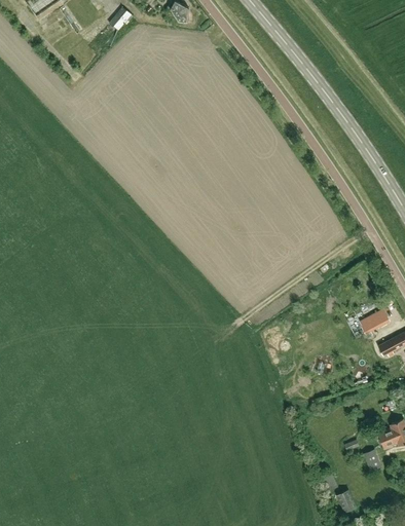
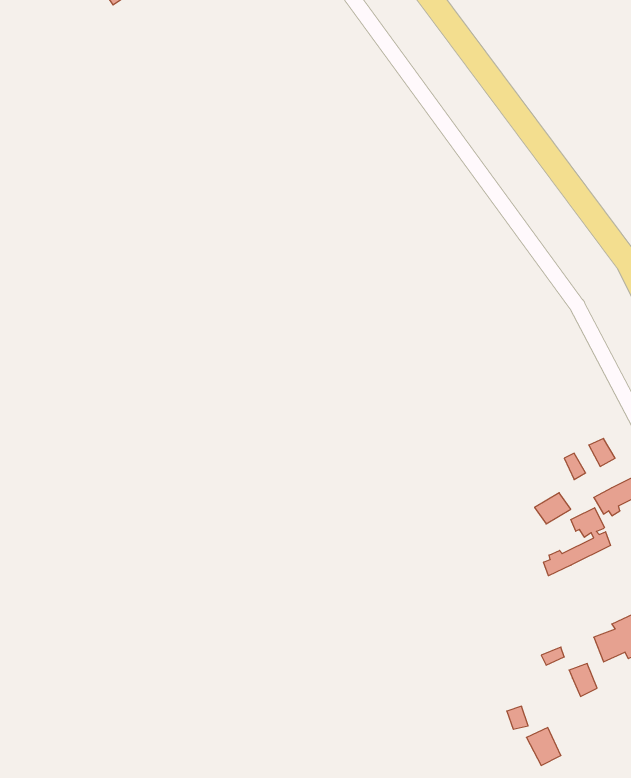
building: none -> [544,508,610,576]

